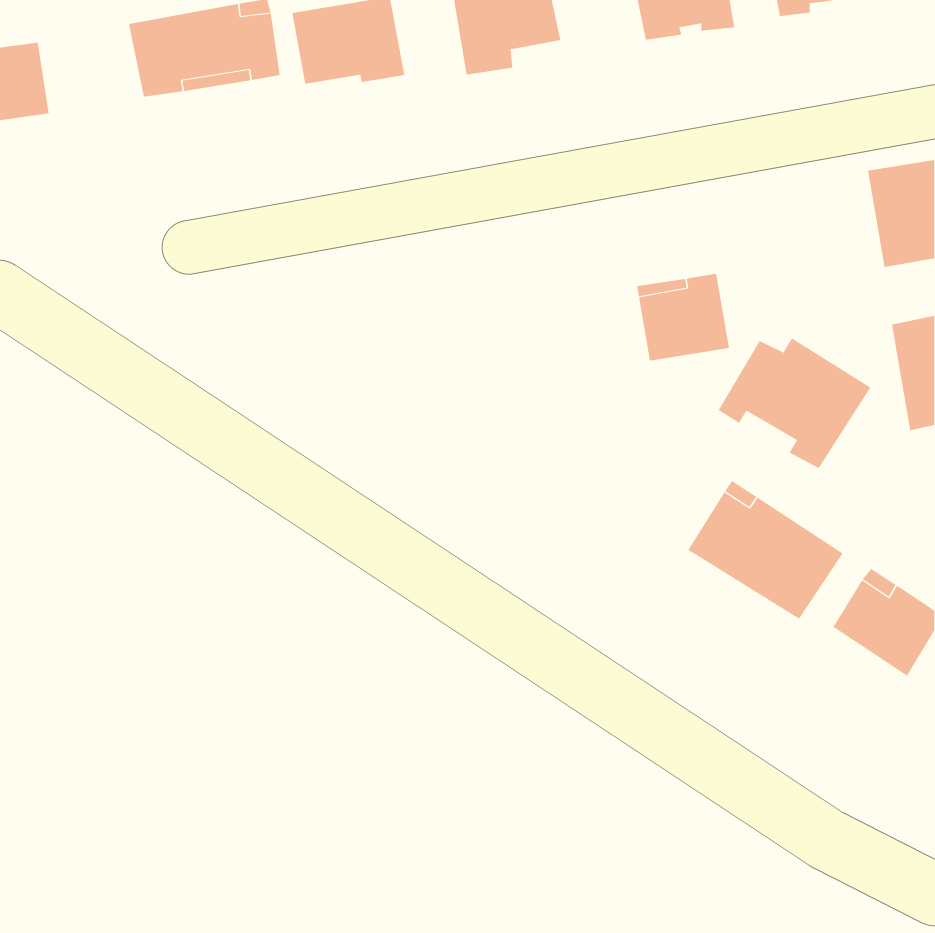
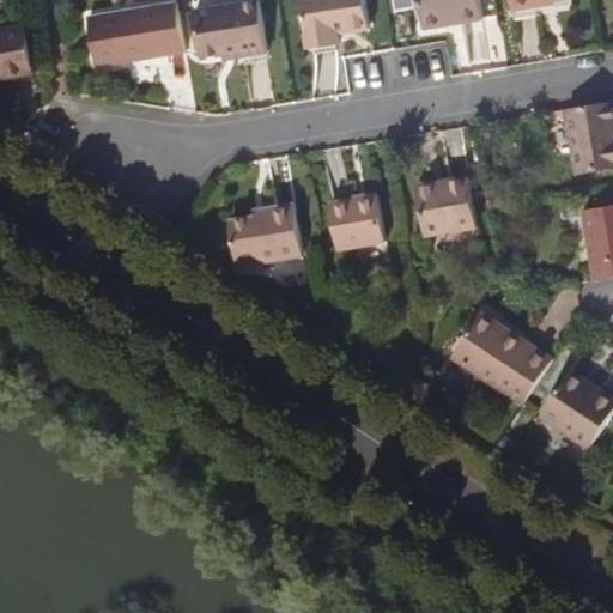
building: none -> [330,198,386,251]
building: none -> [227,205,303,269]
building: [718,338,871,469] -> none

